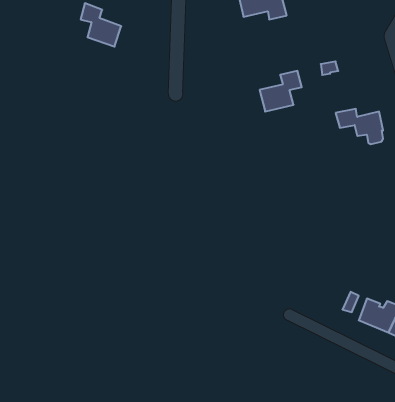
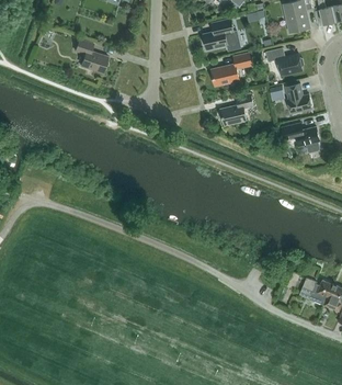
building: none -> [265,47,304,75]
building: none -> [210,53,251,86]
building: none -> [285,83,311,113]

